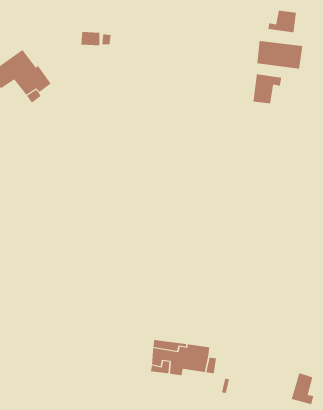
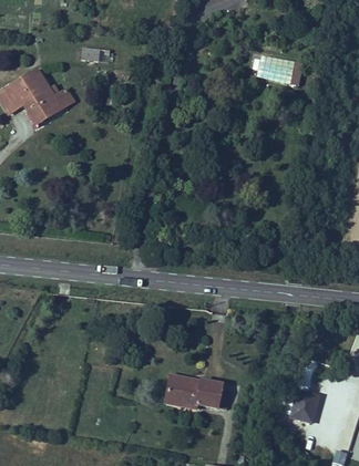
building: [268,10,297,33] -> none
building: [253,73,282,104] -> none

